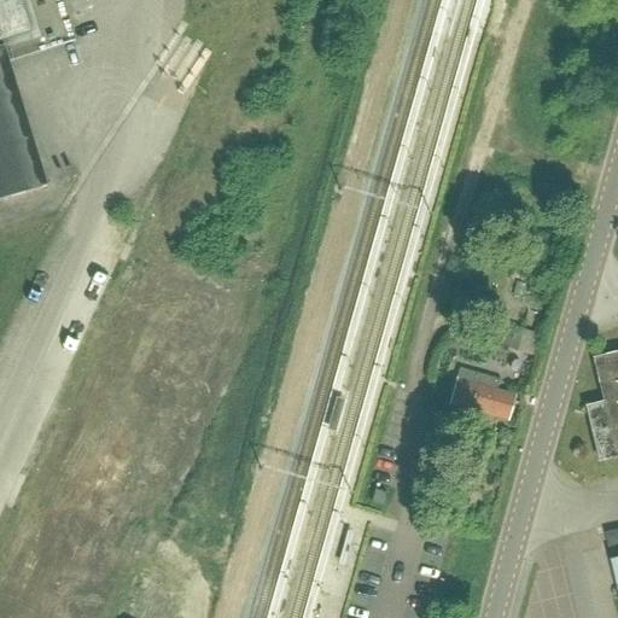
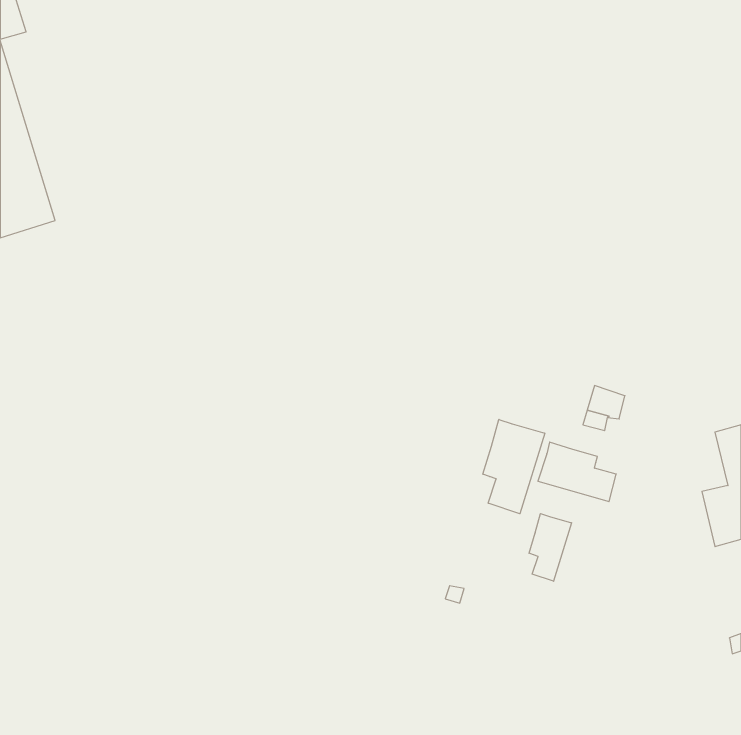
building: none -> [483,419,545,514]
building: none -> [529,514,572,581]

